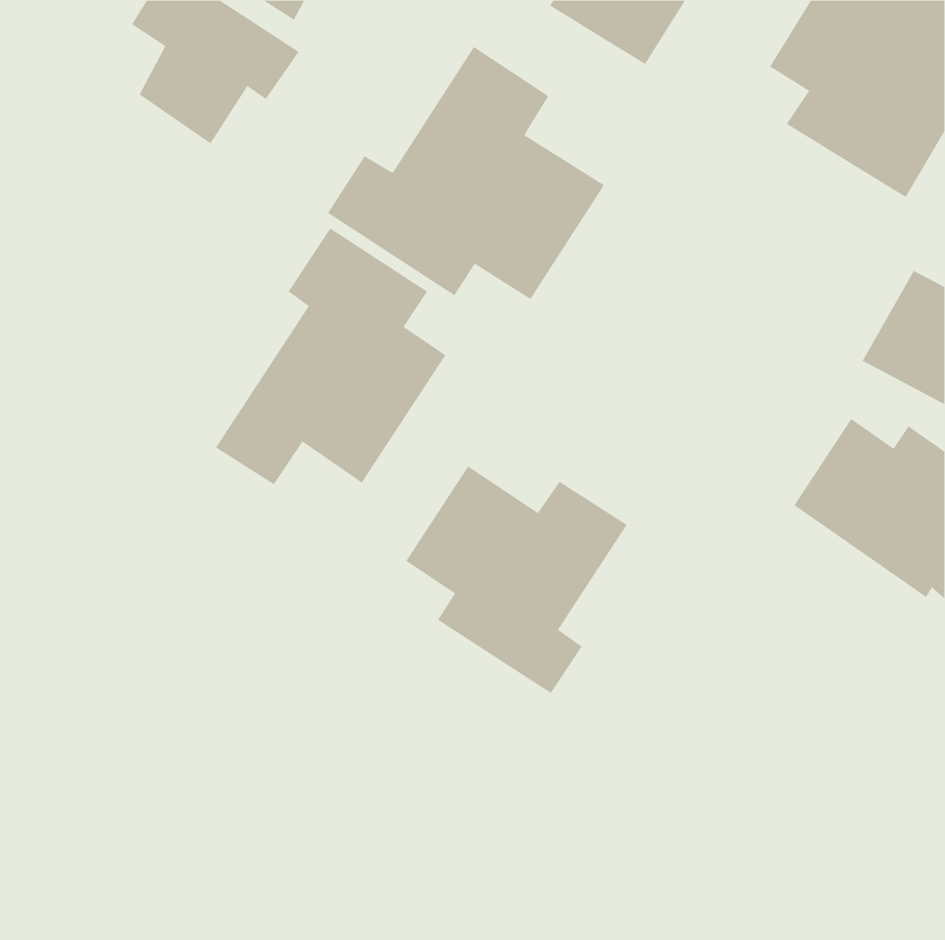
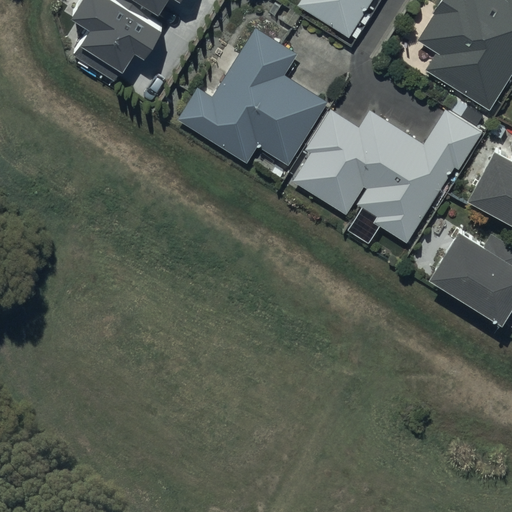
building: none -> [293,109,482,242]
building: [215,227,446,485] -> none
building: [406,466,627,694] -> none

